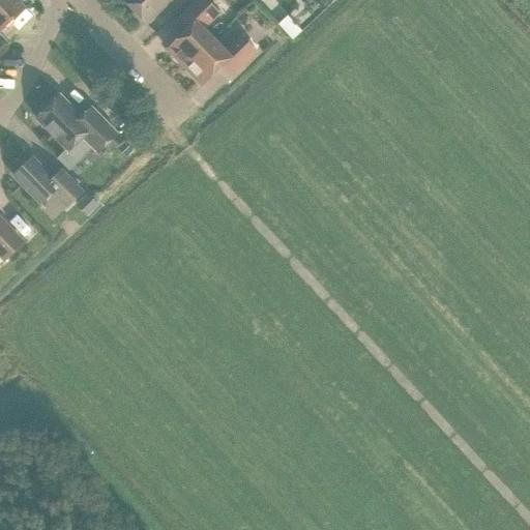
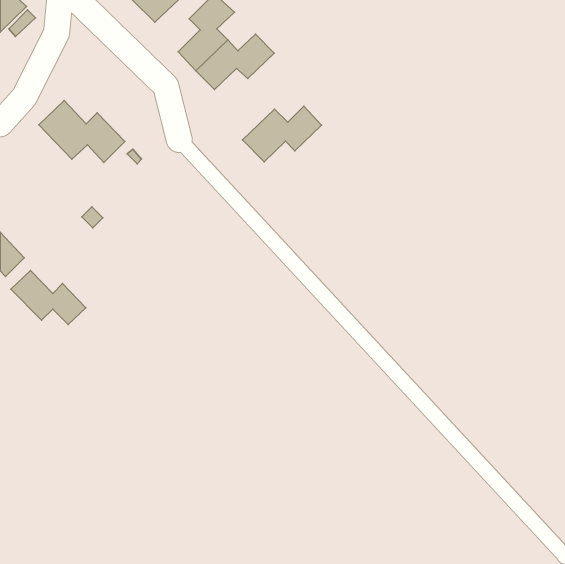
building: none -> [243,106,321,162]
building: [12,155,83,206] -> [11,270,86,325]

